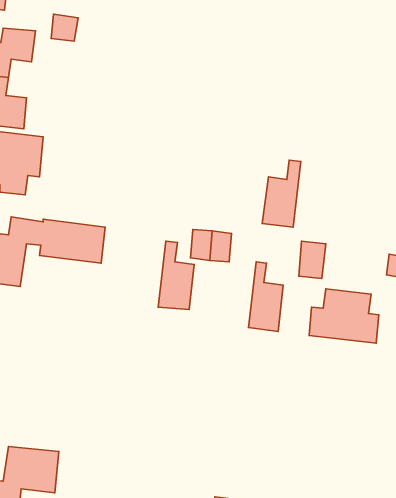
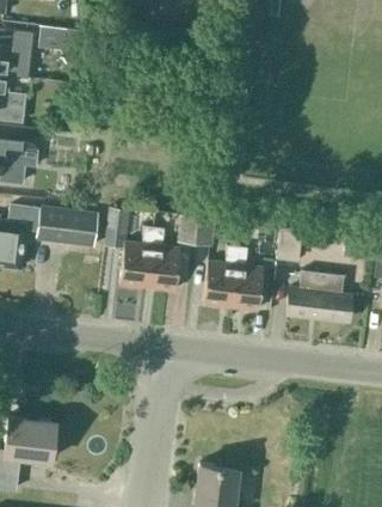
building: [262,160,301,227] -> [203,245,239,307]
building: none -> [106,208,155,288]

